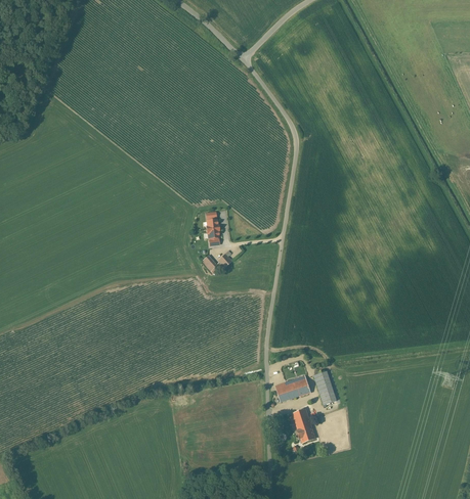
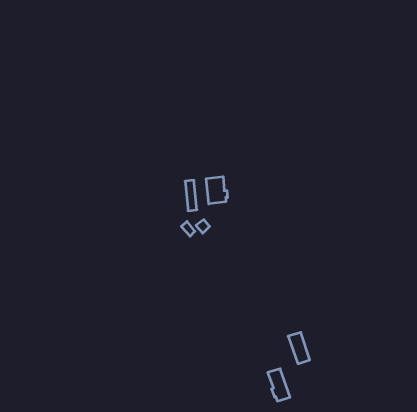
building: none -> [206,177,227,204]
building: [275,376,309,402] -> none

